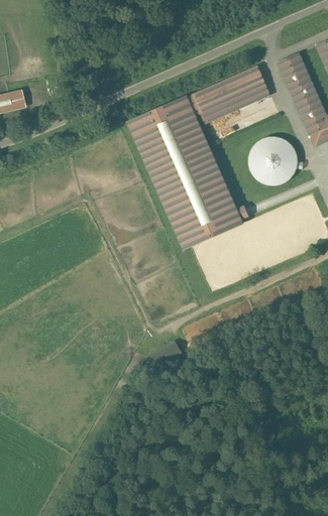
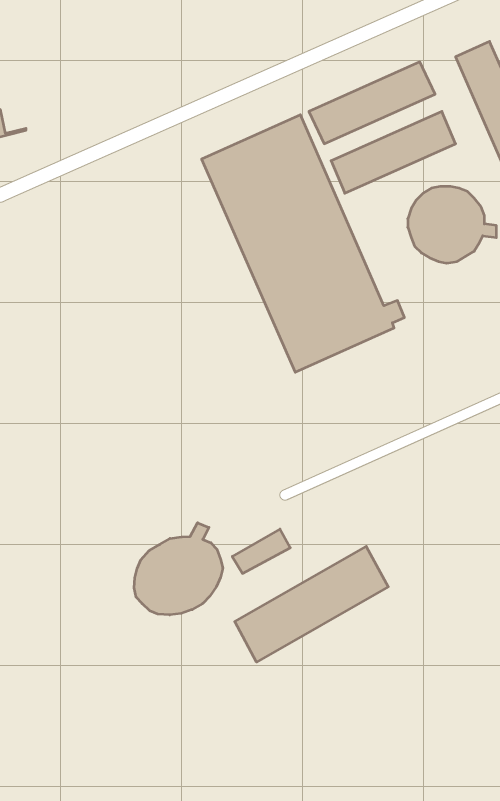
building: none -> [134,523,223,615]
building: none -> [235,546,388,662]

